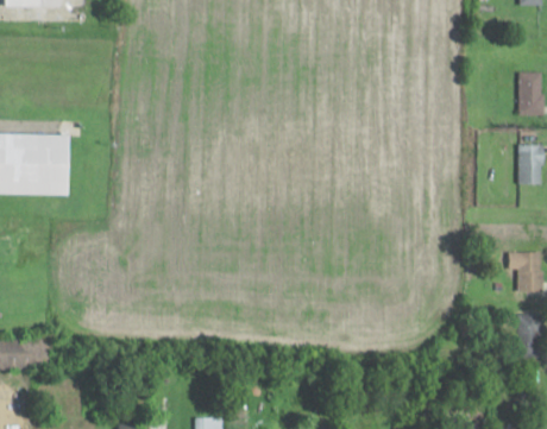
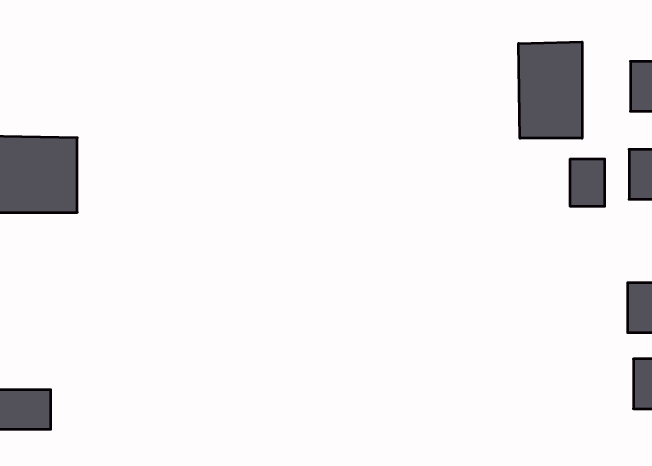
building: none -> [519,42,582,138]
building: none -> [570,159,605,206]

